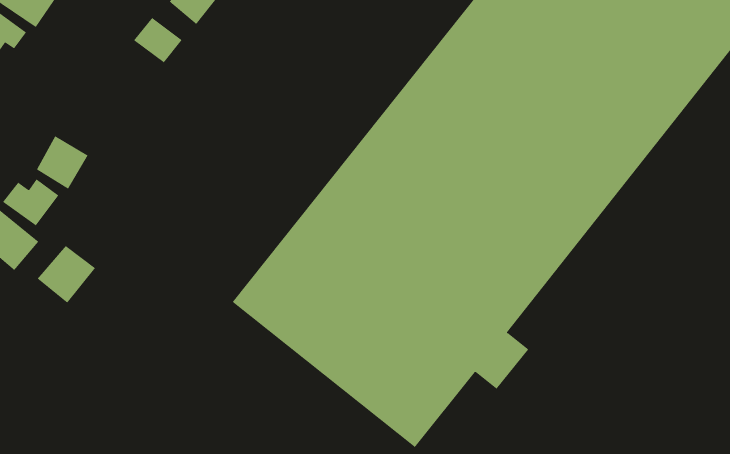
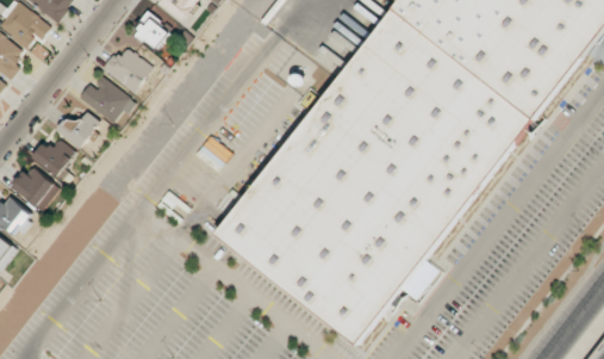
building: none -> [101,48,152,93]
building: none -> [79,78,136,123]
building: [37,245,96,303] -> none

